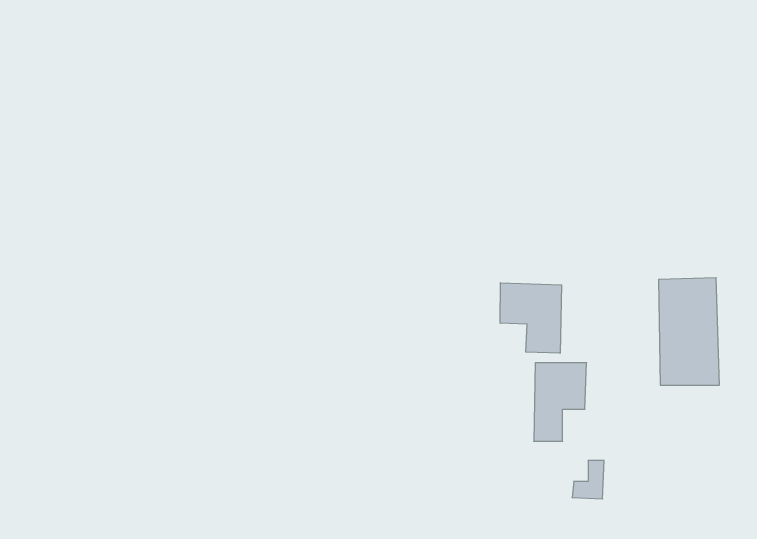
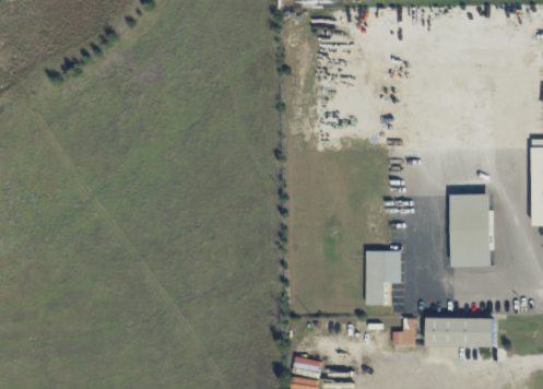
building: [500,283,562,353] -> none
building: none -> [425,318,494,347]

